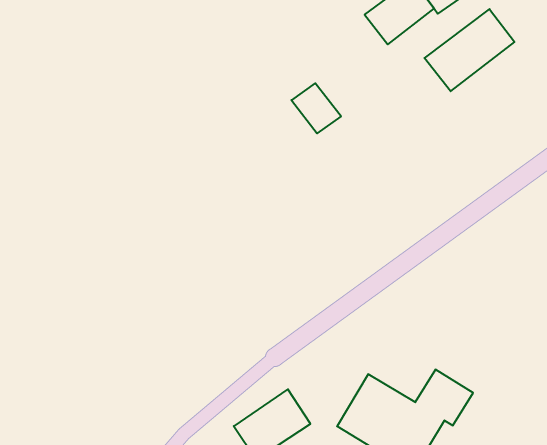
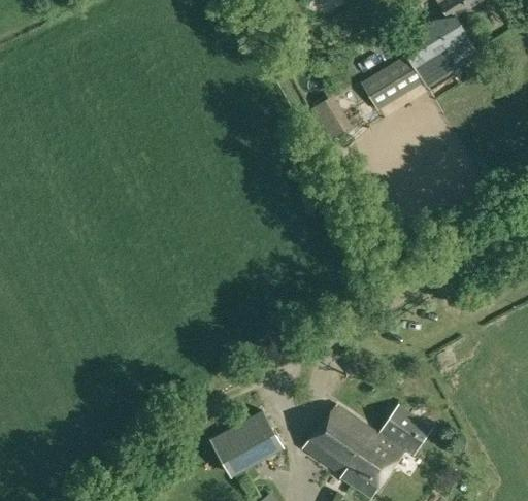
building: [424,9,514,91] -> none
building: [291,83,341,133] -> [310,96,354,141]

